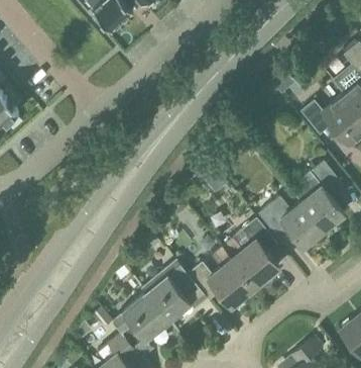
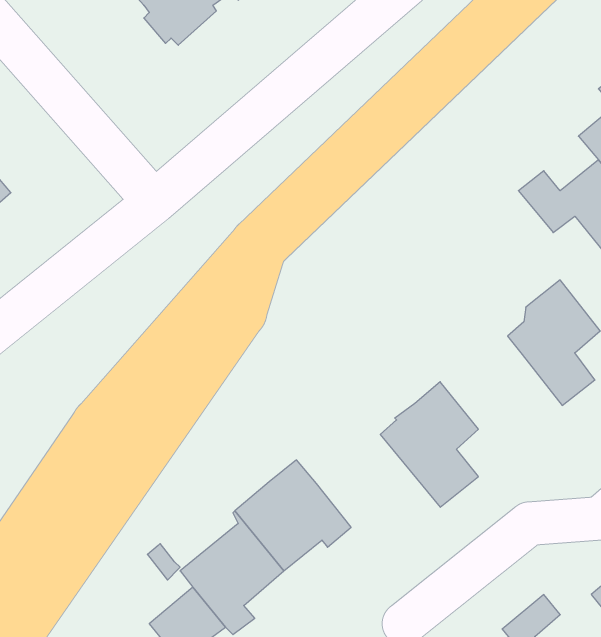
building: [258,195,325,249] -> none
building: [189,246,257,307] -> none

